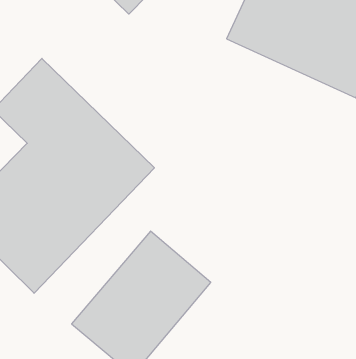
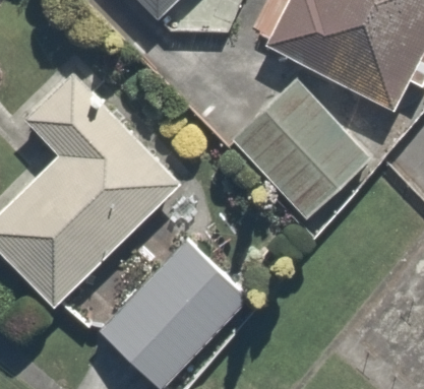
building: none -> [227,76,374,225]

